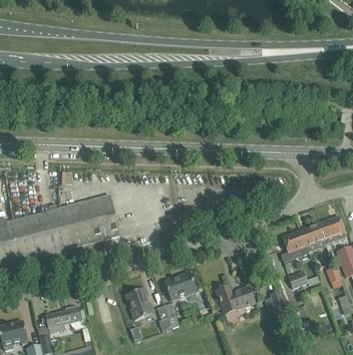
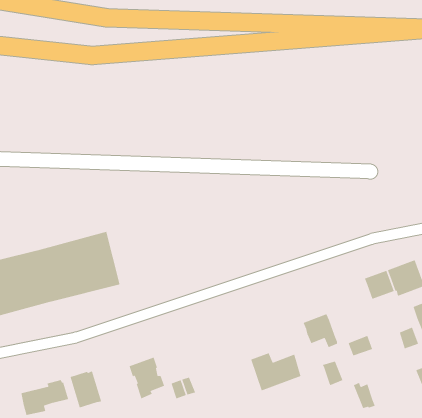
building: [283,229,309,255] -> [303,313,338,348]
building: [164,271,195,299] -> none
building: none -> [69,370,102,408]

